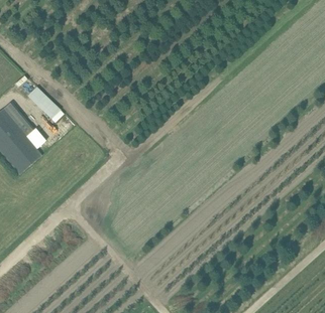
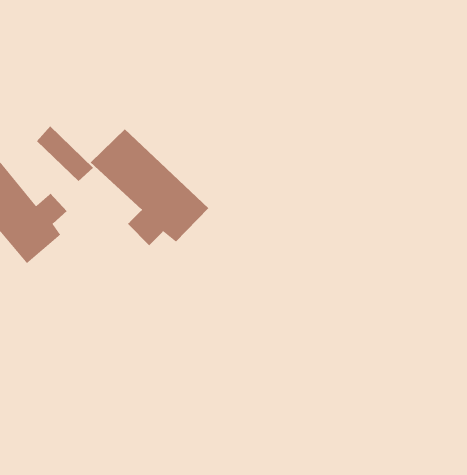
building: none -> [90,128,209,246]

